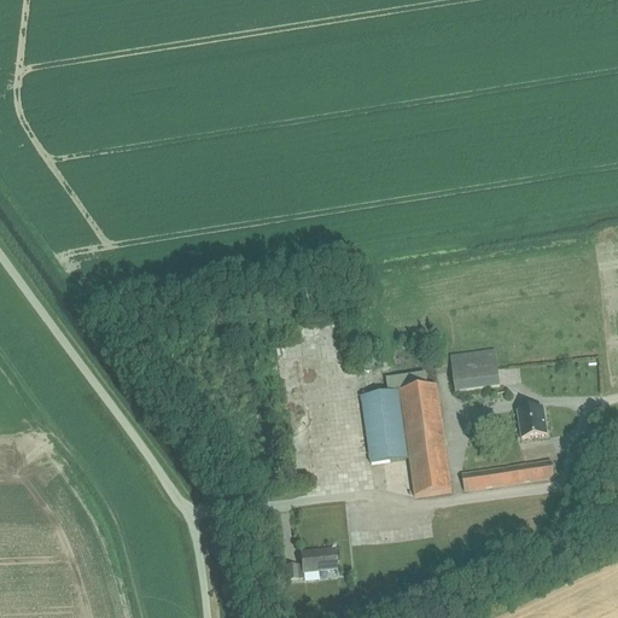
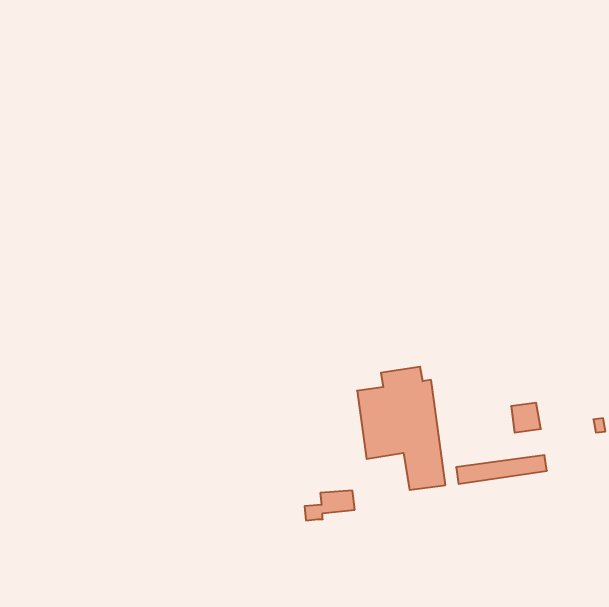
building: [450,348,499,390] -> none
building: [285,548,336,578] -> [305,491,355,520]

